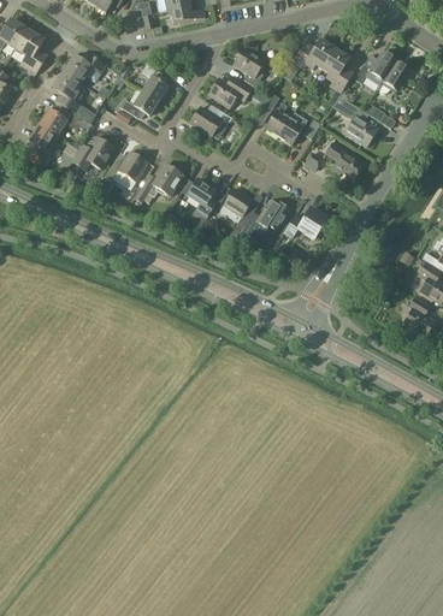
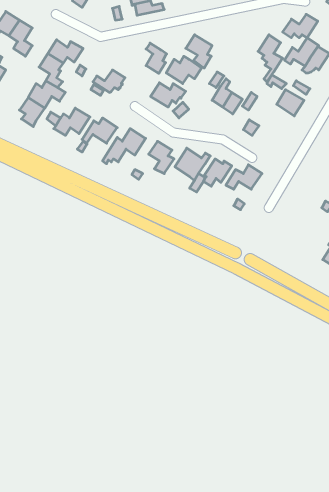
building: [293,38,336,67] -> [283,14,318,38]
building: [143,63,169,100] -> [146,43,167,73]
building: [325,140,366,178] -> none

